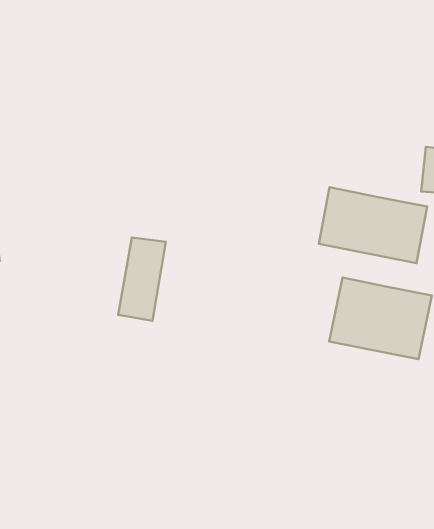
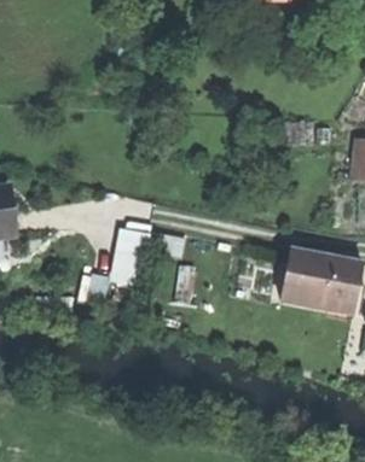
building: [319,187,427,263] -> none

